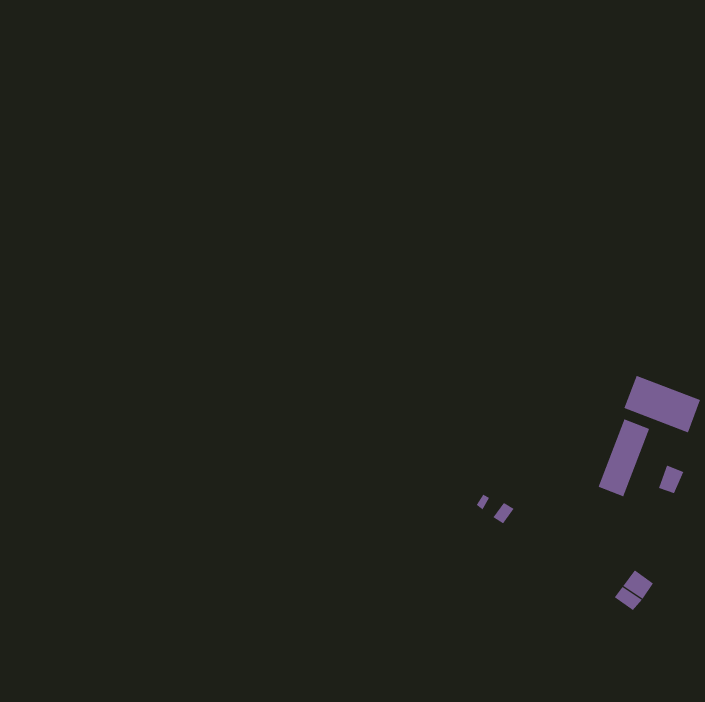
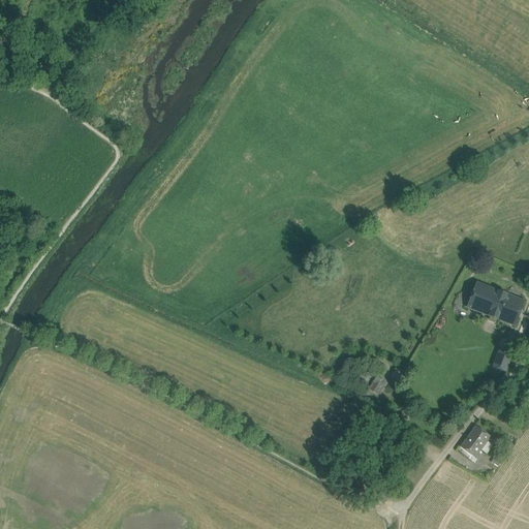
building: [598,419,650,497] -> none

